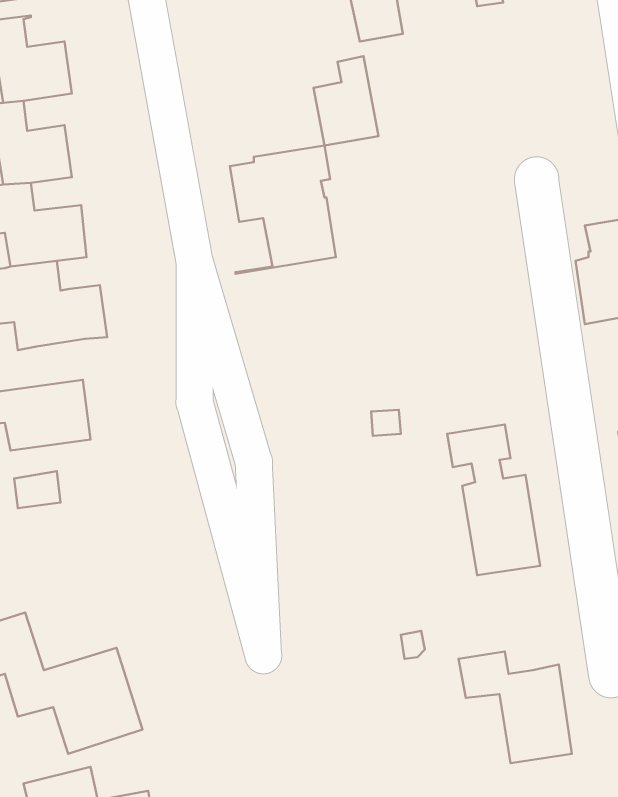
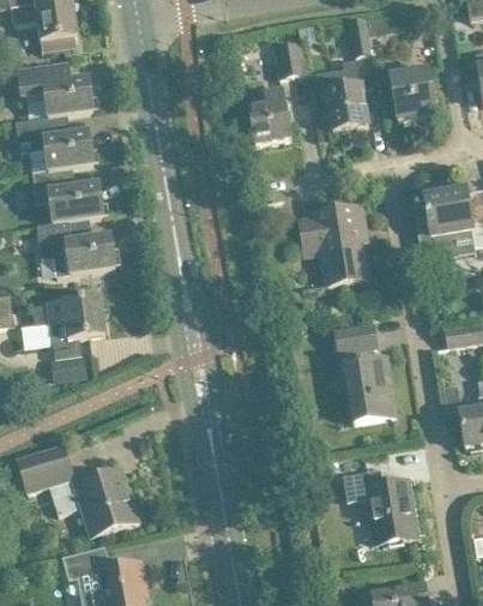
building: none -> [315,64,367,131]
building: none -> [390,67,435,120]
building: [230,146,336,274] -> [298,205,367,288]

